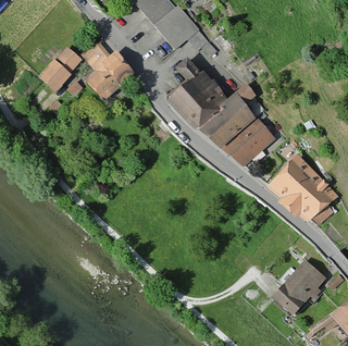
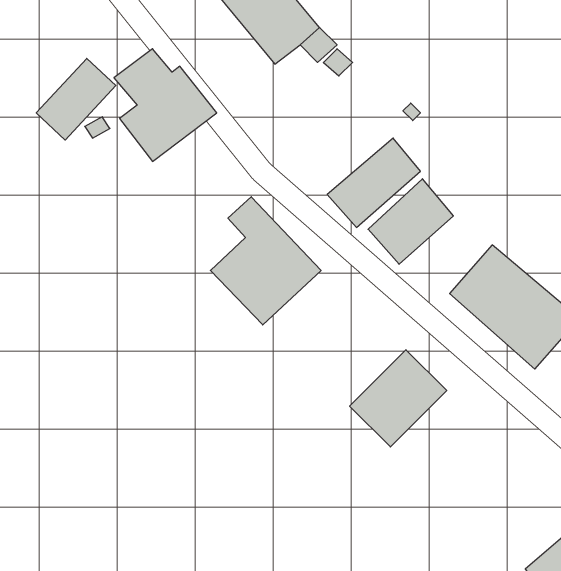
building: [164,59,226,131] -> [210,197,321,325]
building: [270,256,324,310] -> [350,350,447,447]

